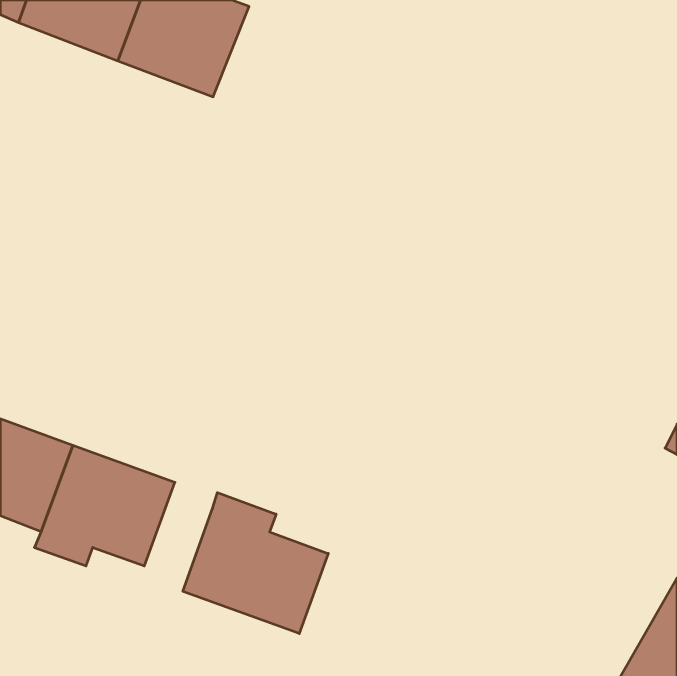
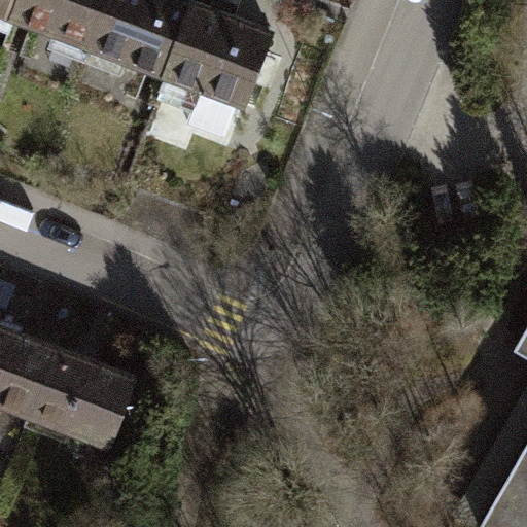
building: none -> [157,6,273,137]
building: [183,493,328,634] -> none

